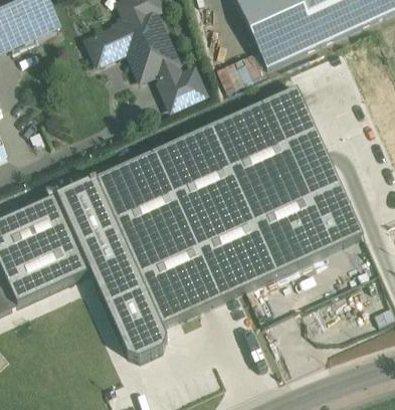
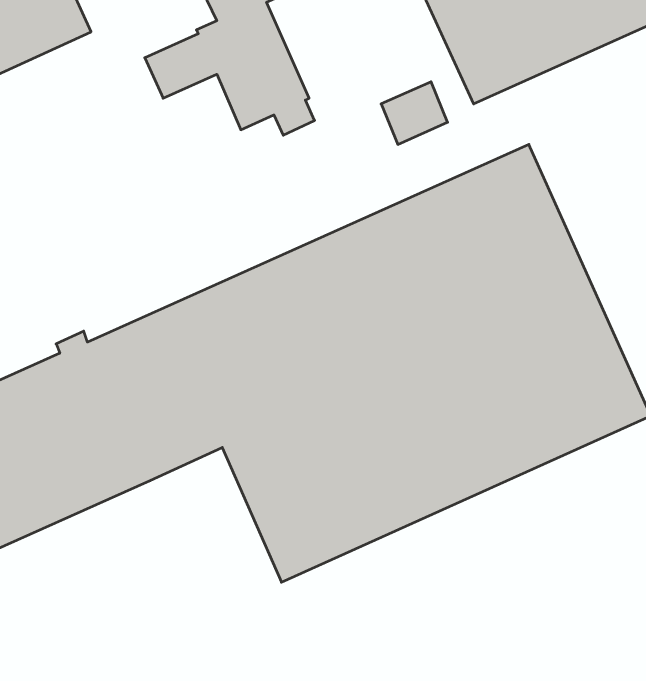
building: [160,67,204,107] -> none
building: [90,251,166,362] -> none

